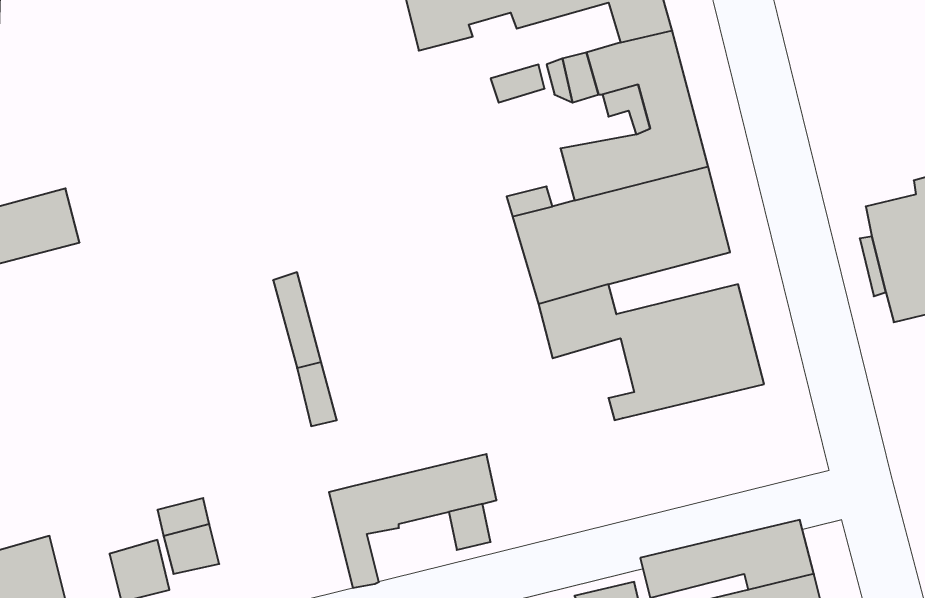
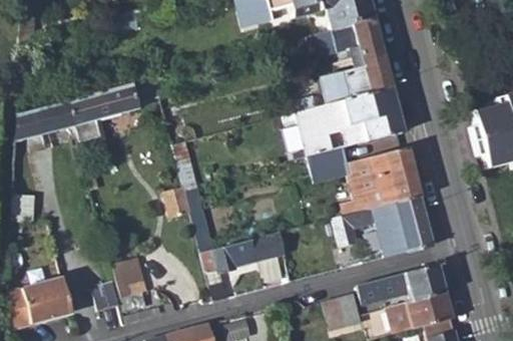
building: none -> [69,78,161,143]
building: none -> [332,198,433,257]

